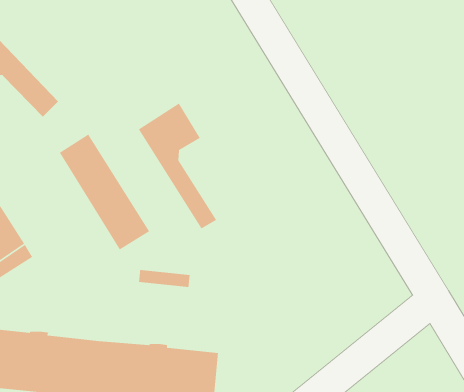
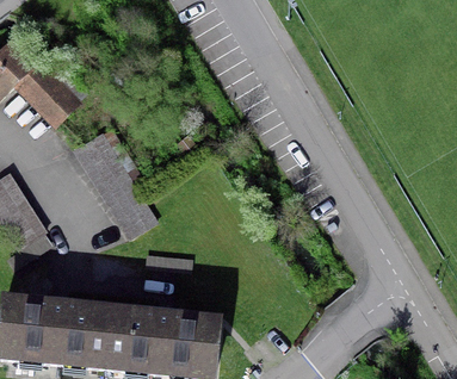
building: [138,102,217,230] -> none

